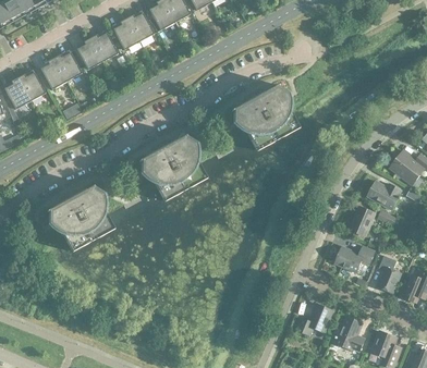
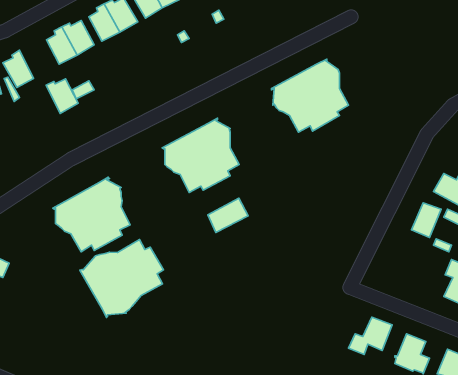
building: [17,71,45,100] -> [46,79,78,113]
building: none -> [208,198,248,233]
building: none -> [80,239,164,318]
building: [334,245,375,271] -> none

